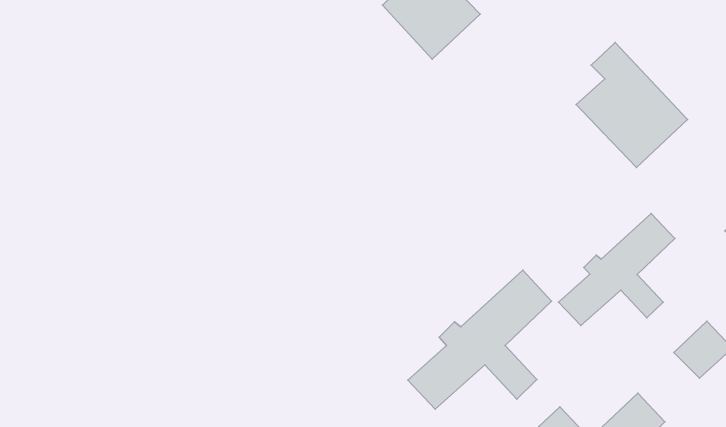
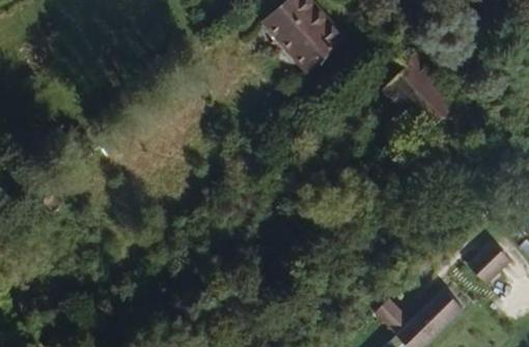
building: [559,214,675,326] -> none
building: [408,270,552,409] -> none

